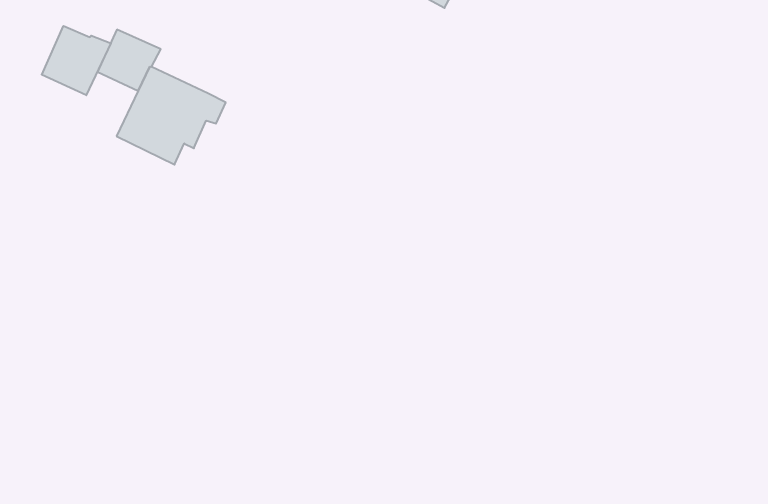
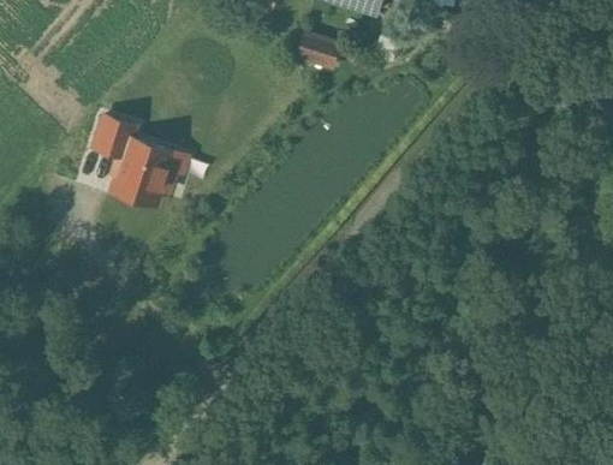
building: [42,26,111,95] -> none

